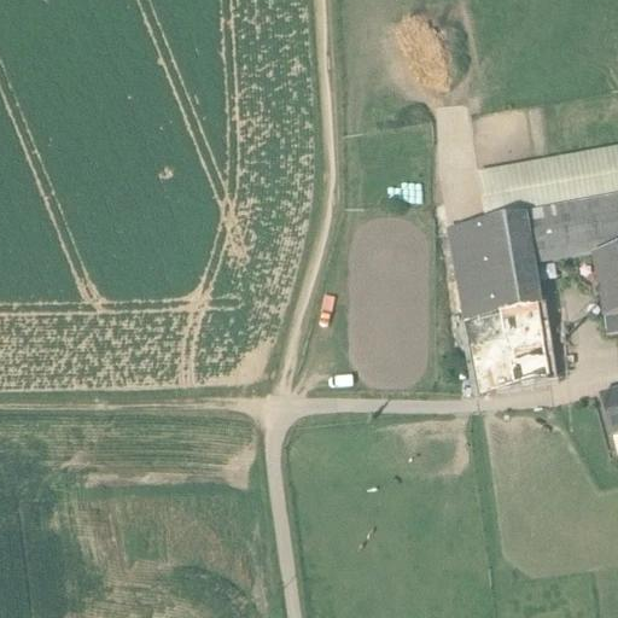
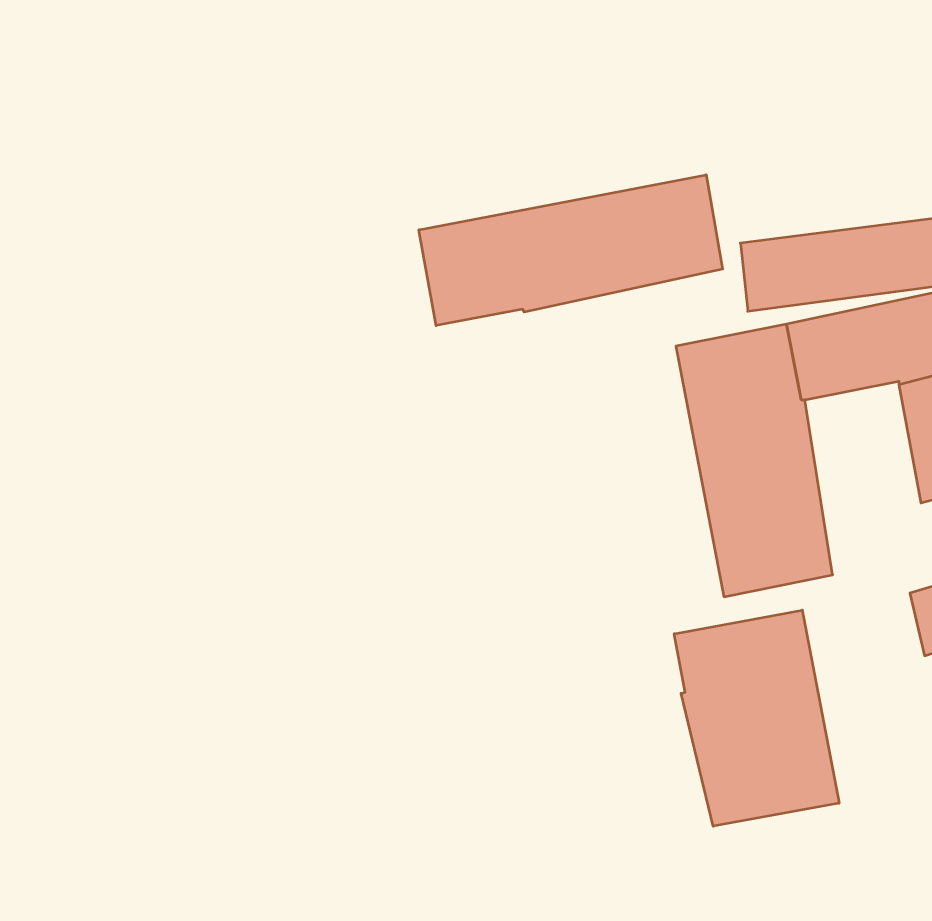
building: none -> [419,175,723,326]
building: none -> [674,610,839,826]

